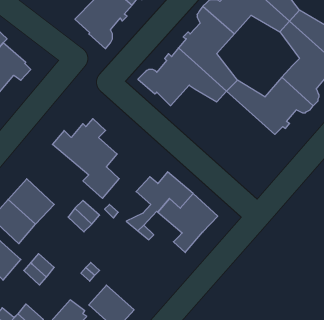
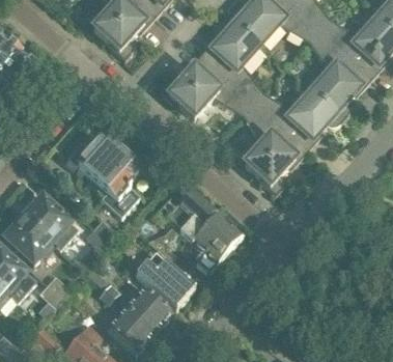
building: none -> [242,102,303,193]
building: none -> [135,252,194,308]
building: none -> [125,286,172,332]

